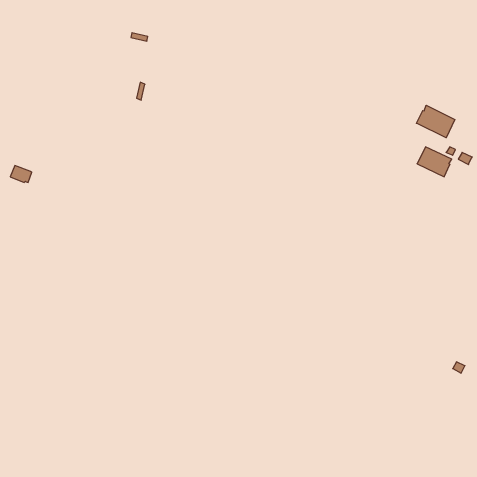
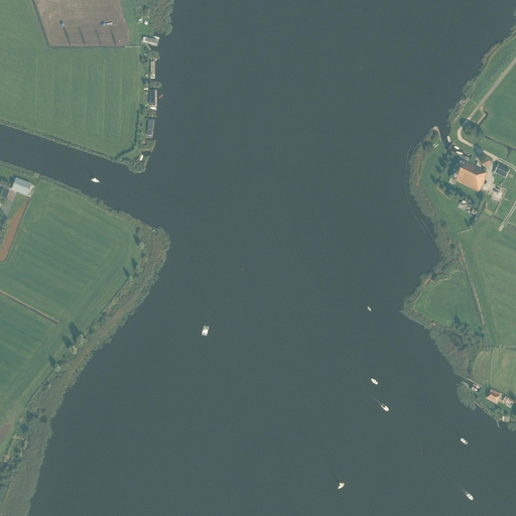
building: [416,105,455,138] -> none

